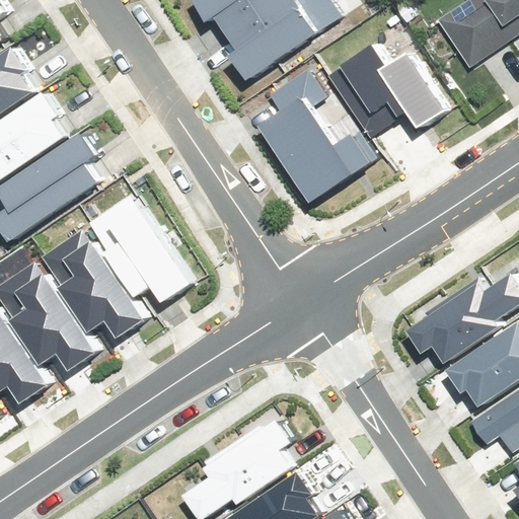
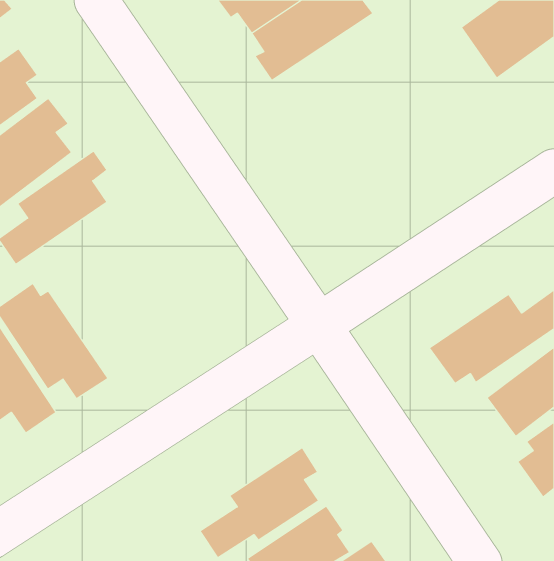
building: [330,35,452,151] -> none
building: [253,87,372,219] -> none
building: [90,197,194,303] -> none
building: [41,231,144,337] -> none

